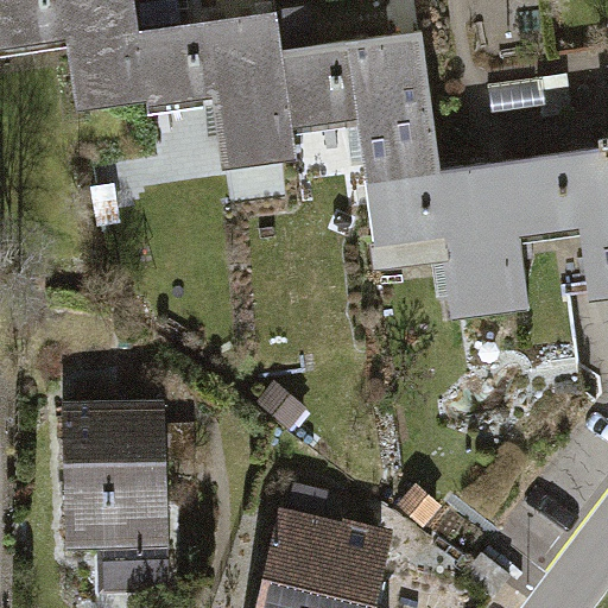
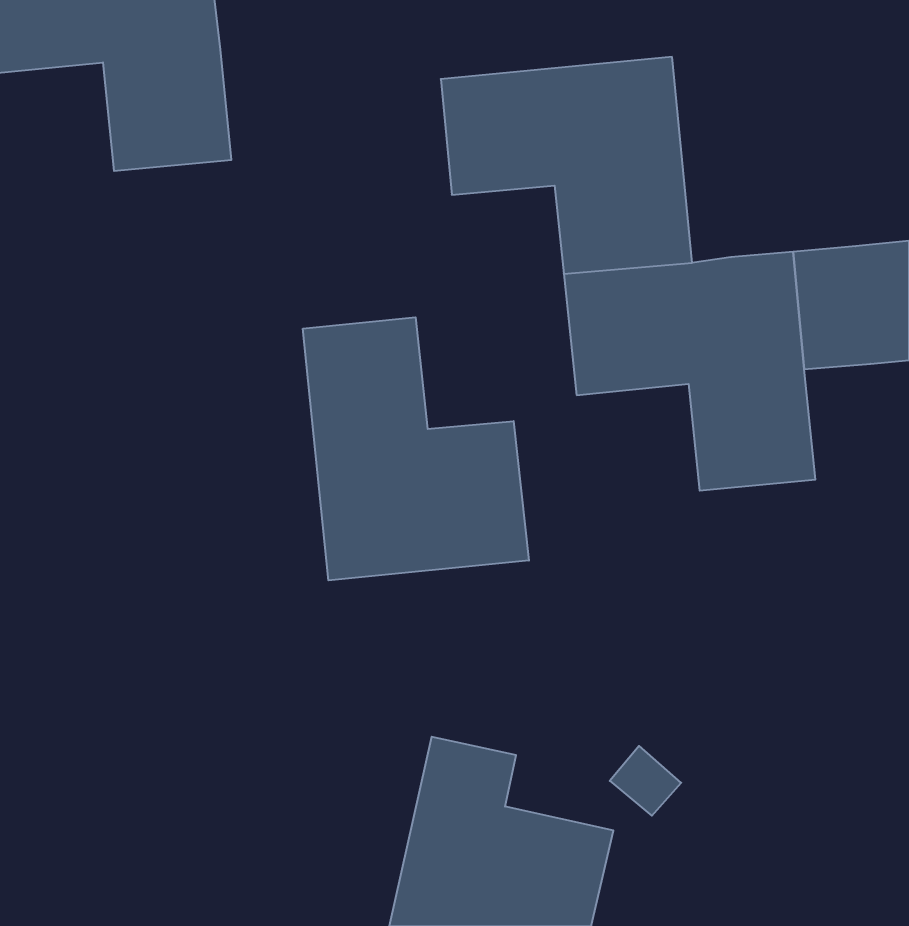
building: [142,18,294,159] -> none
building: none -> [303,317,529,580]
building: [52,399,172,594] -> none

